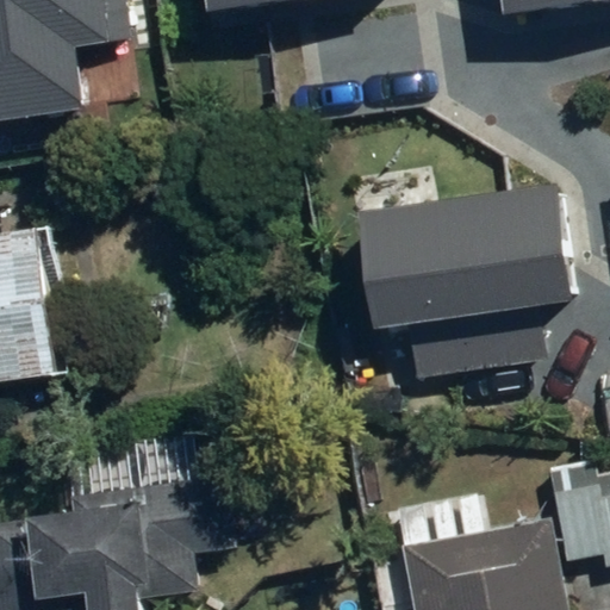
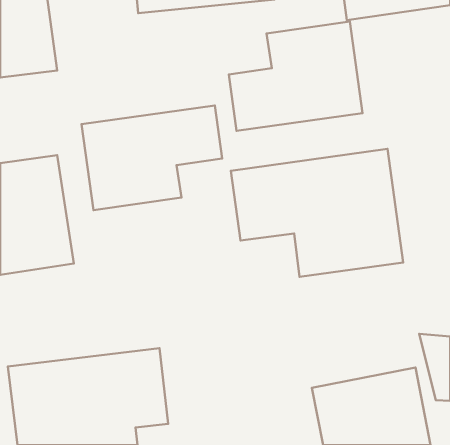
building: none -> [229,22,363,131]
building: none -> [81,106,222,210]

